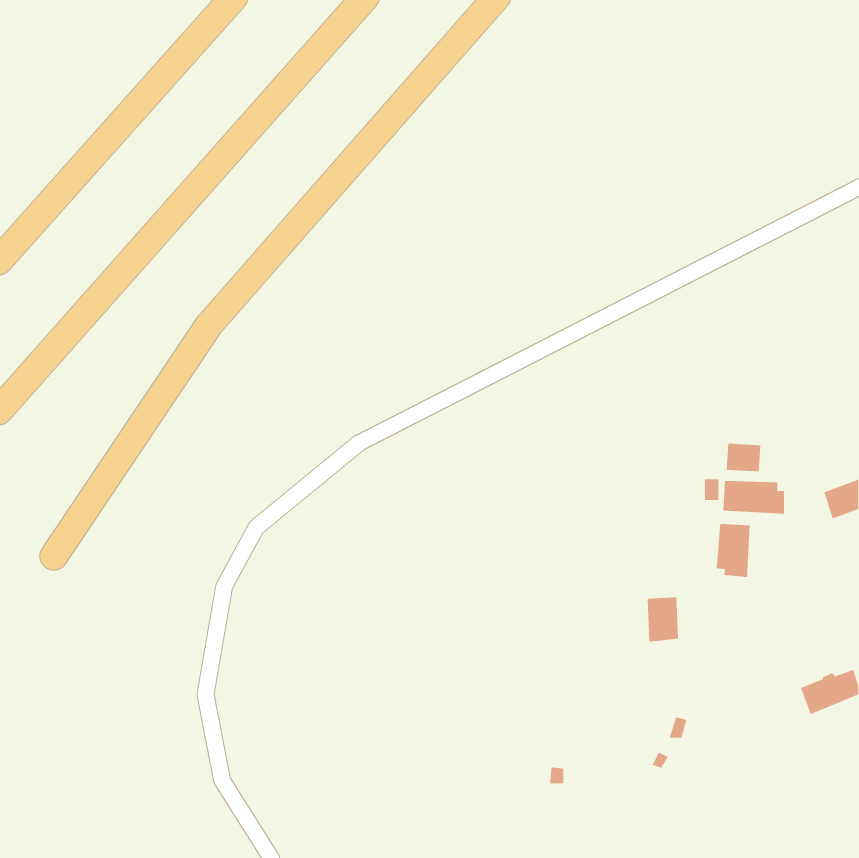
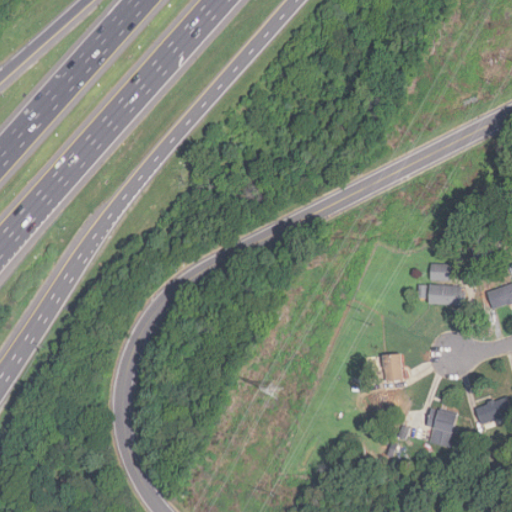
building: [716,523,750,578] -> none
building: none -> [427,406,459,446]

